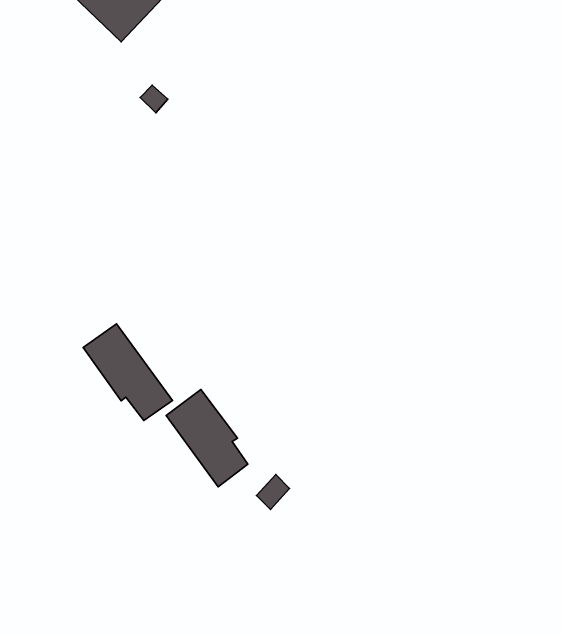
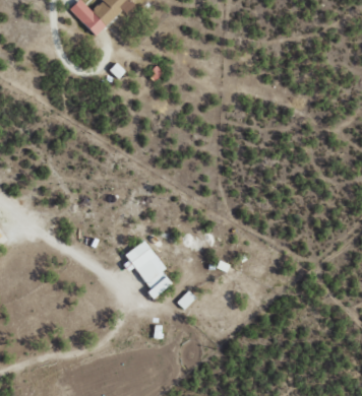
building: [83,324,173,420] -> none

